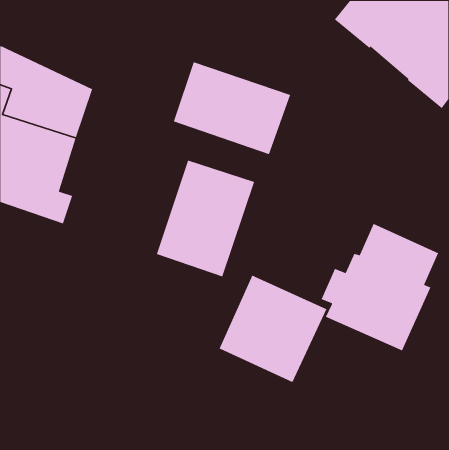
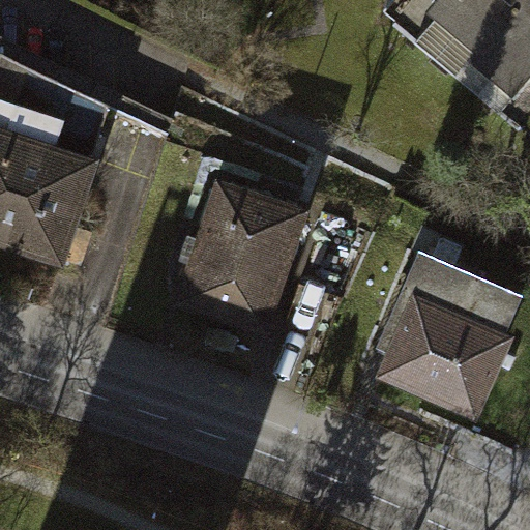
building: [173,61,291,155] -> none
building: [218,275,328,383] -> none

